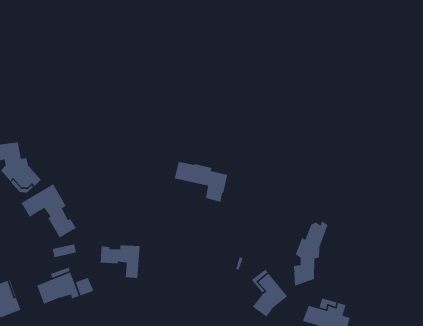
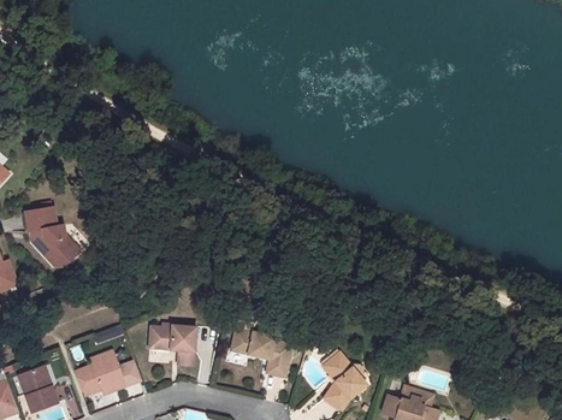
building: [174,161,228,203] -> [231,329,294,377]
building: [21,183,77,238] -> none
building: [293,220,329,287] -> none

